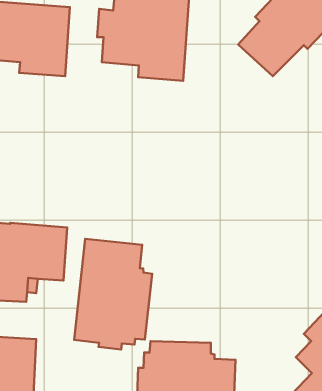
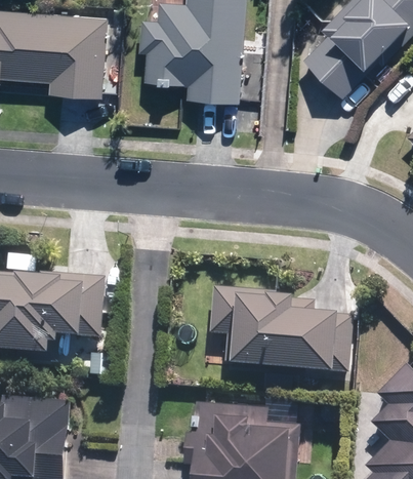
building: none -> [208,283,353,370]
building: [74,239,152,349] -> none

